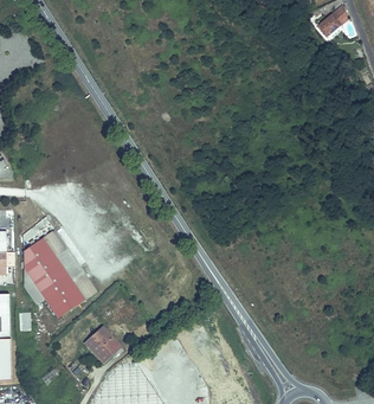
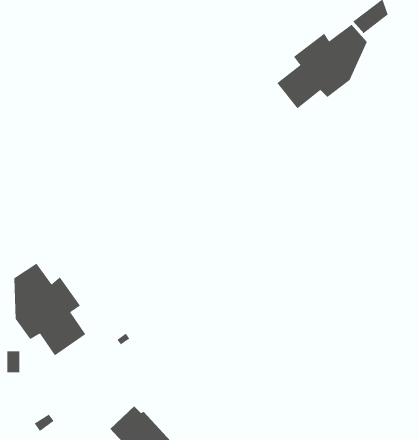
building: none -> [277,24,368,109]
building: [84,328,118,363] -> none

